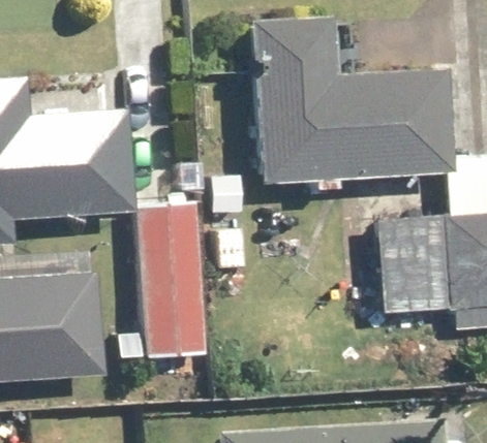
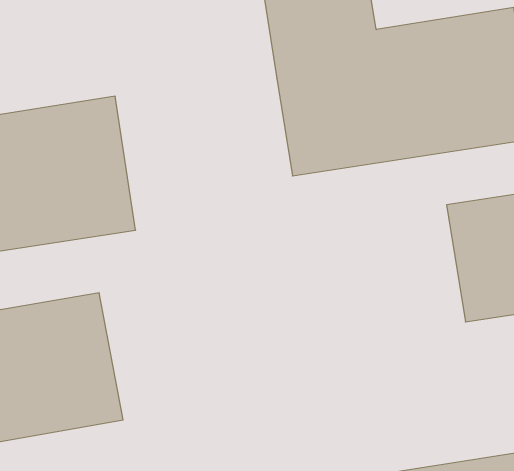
building: [139,201,207,356] -> none

